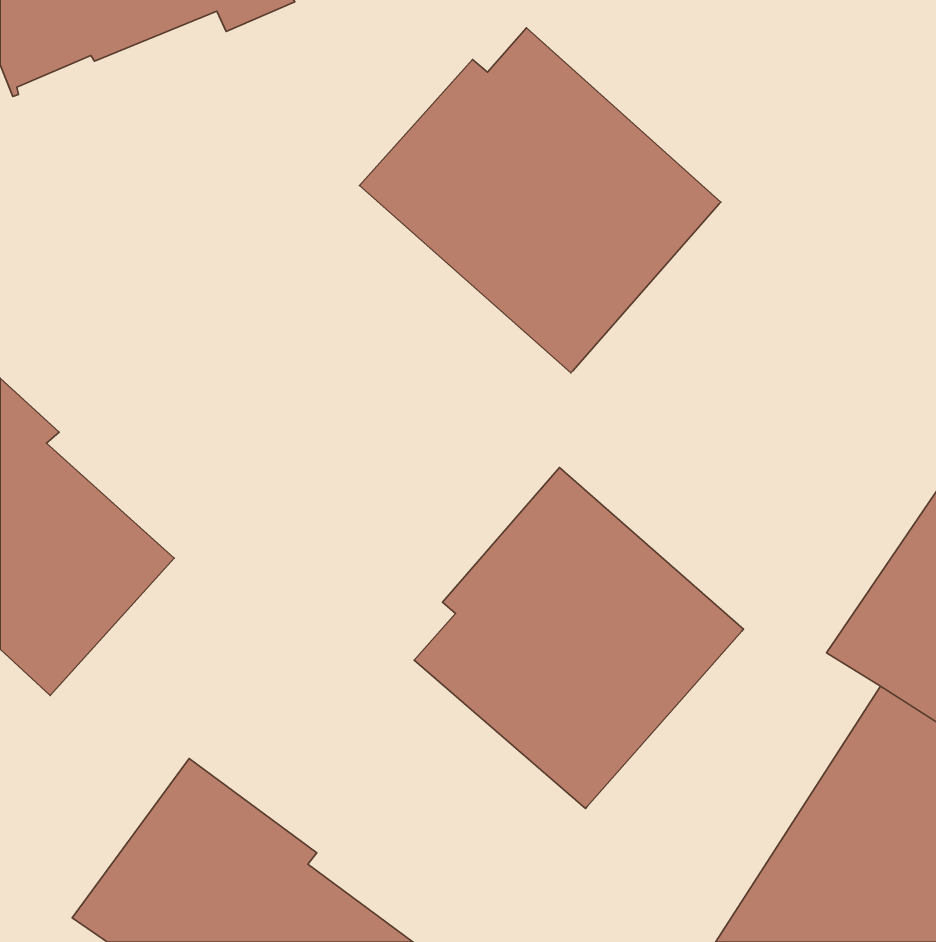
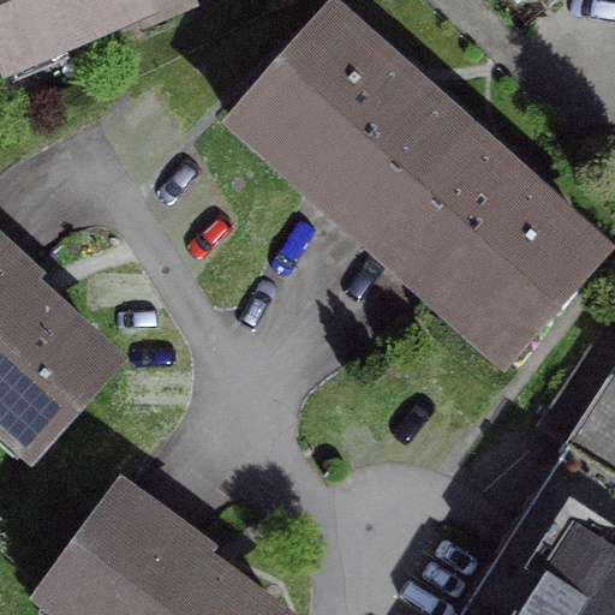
building: none -> [378,132,599,359]
building: [414,467,744,809] -> none

